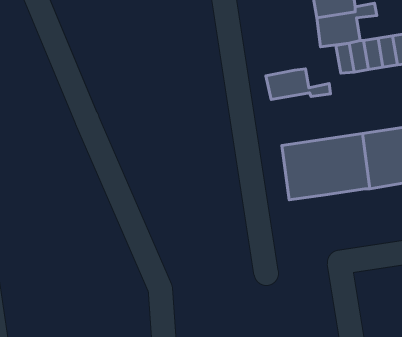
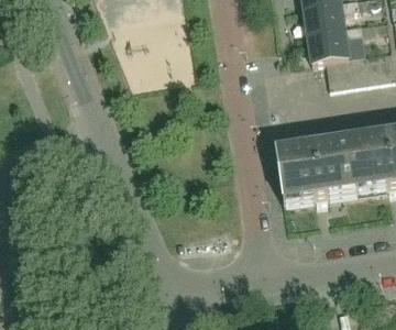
building: [266,69,331,99] -> none

